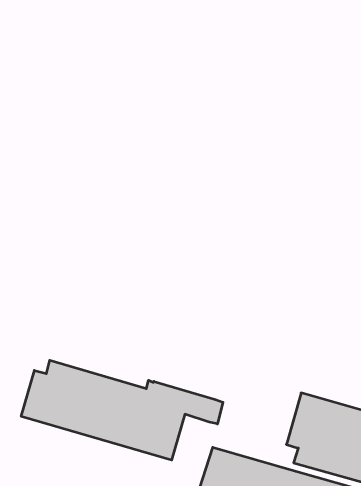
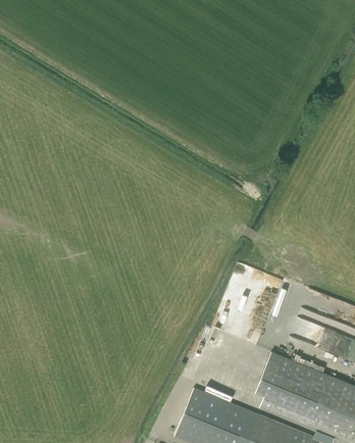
building: [21,360,223,460] -> none

